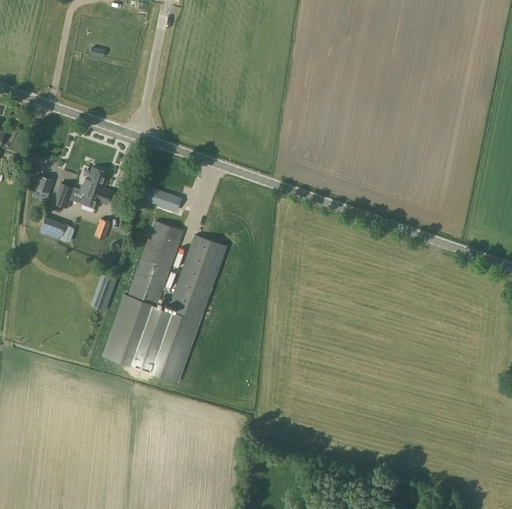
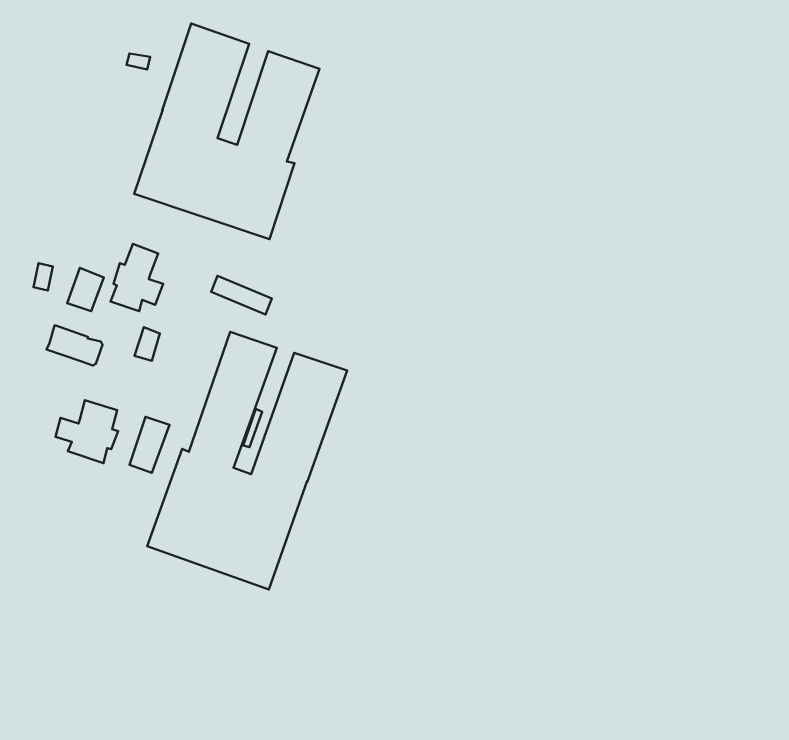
building: none -> [134,23,319,239]
building: none -> [56,400,118,463]

